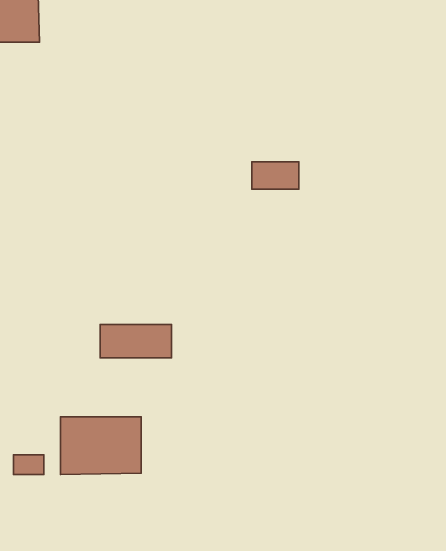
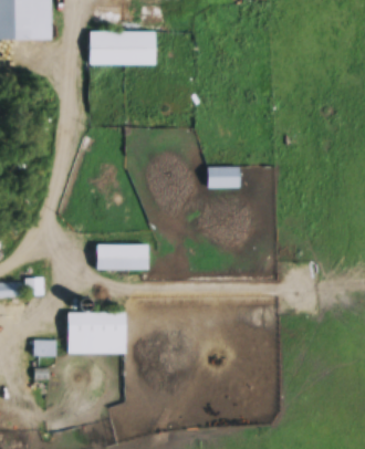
building: none -> [90,31,156,64]
building: [252,162,299,189] -> [206,167,240,187]

